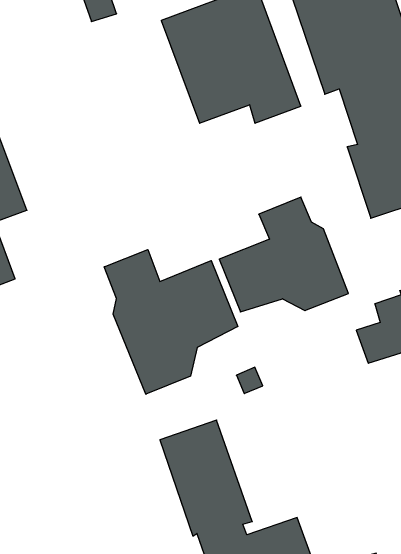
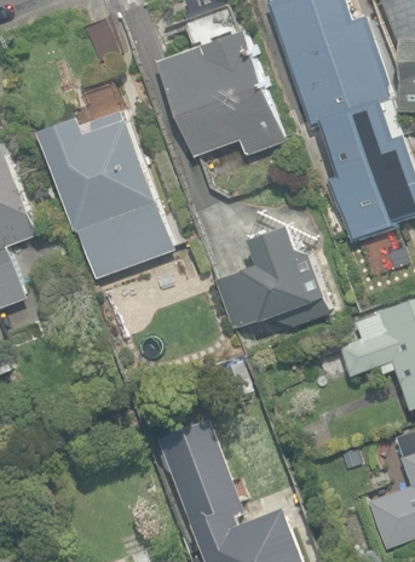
building: none -> [39,111,174,279]
building: [104,250,238,394] -> none

